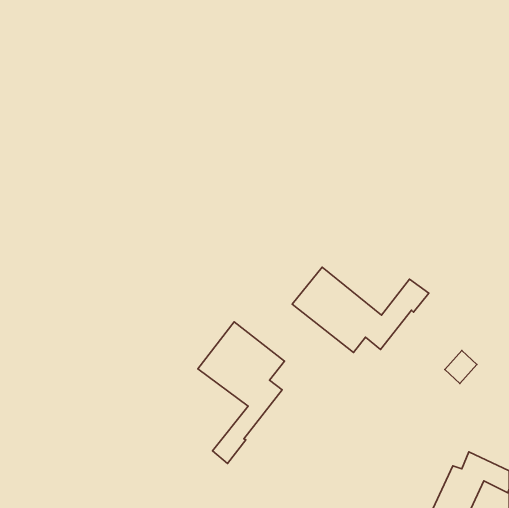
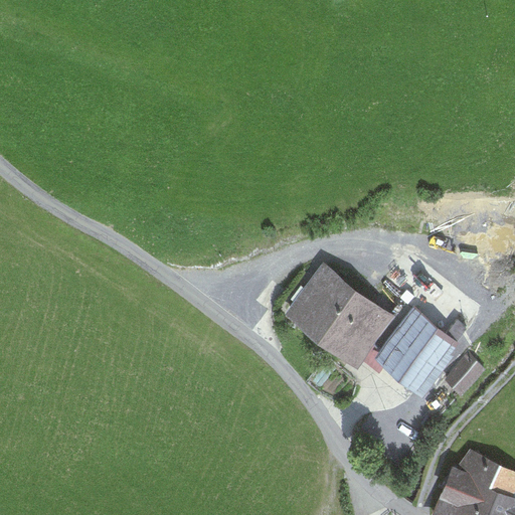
building: none -> [379,316,451,387]
building: [198,322,284,464] -> none

